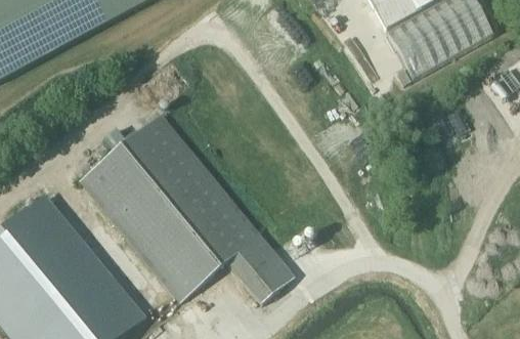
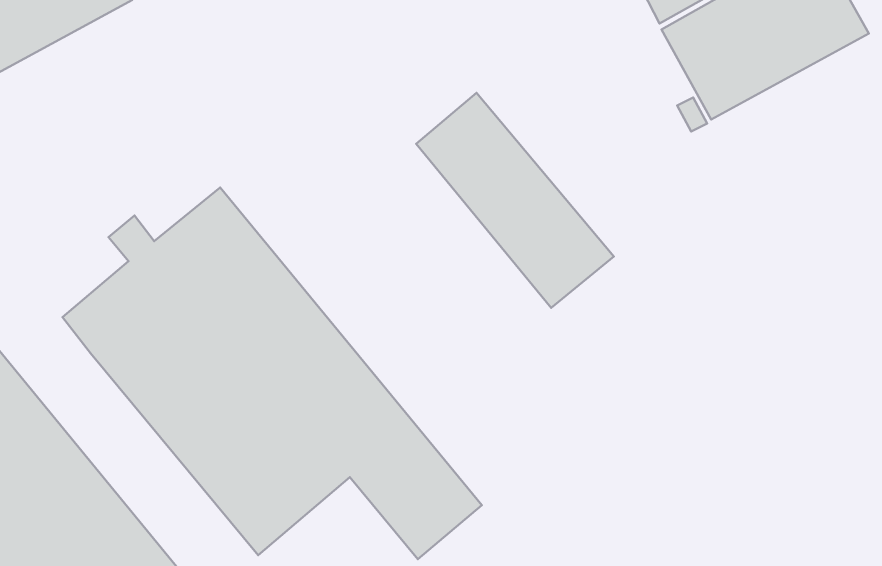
building: none -> [416,93,614,308]

